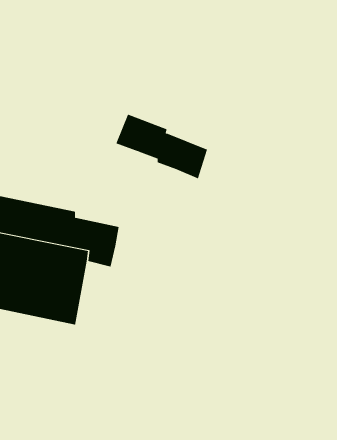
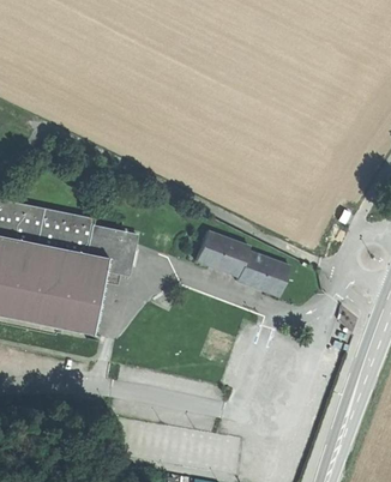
building: [116,114,208,179] -> [199,231,293,297]

